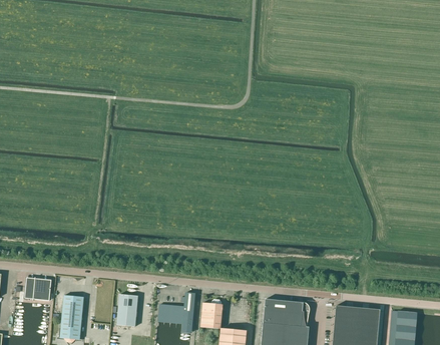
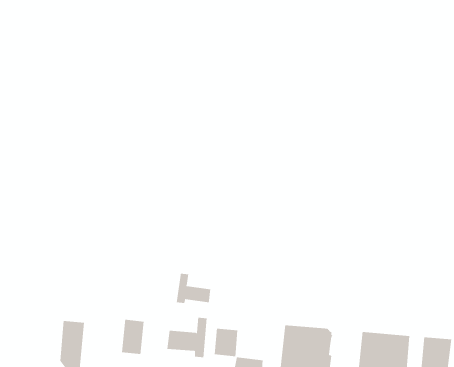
building: none -> [176,273,211,304]
building: [24,278,51,301] -> none

